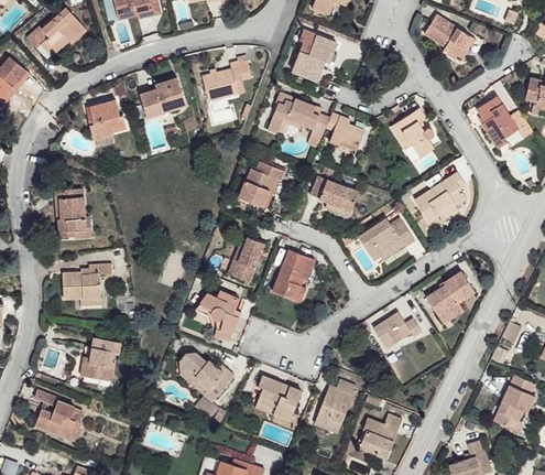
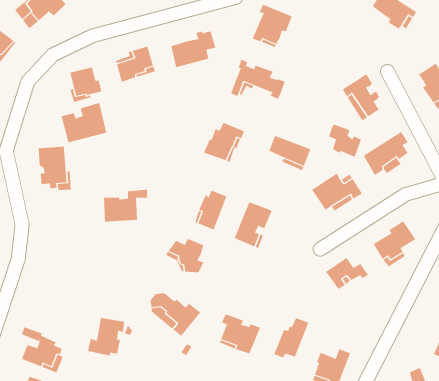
building: [326,112,363,150] -> [328,124,362,157]
building: none -> [61,102,107,143]
building: [63,263,112,300] -> [103,189,148,222]
building: [78,337,120,380] -> [87,317,125,356]

